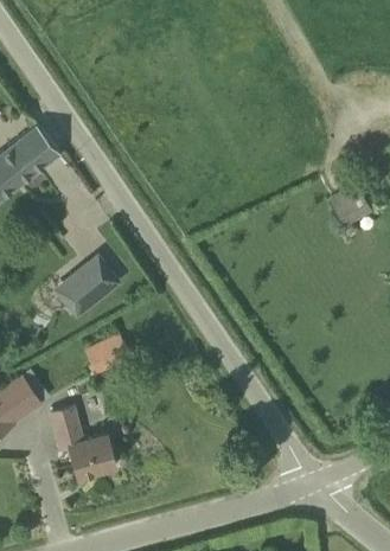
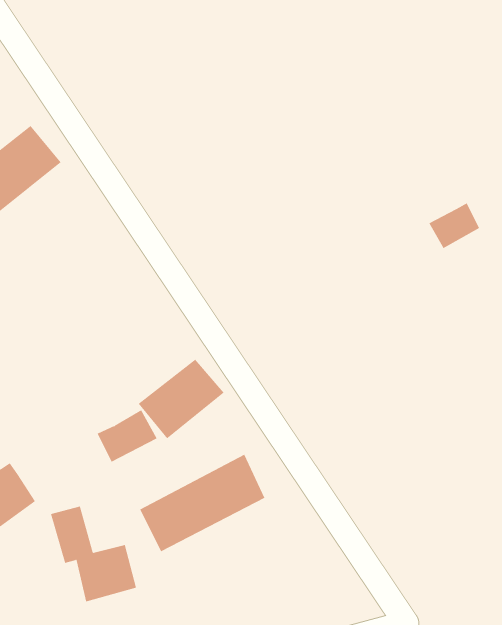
building: [50,250,114,309] -> [138,359,224,439]
building: none -> [140,454,265,552]

